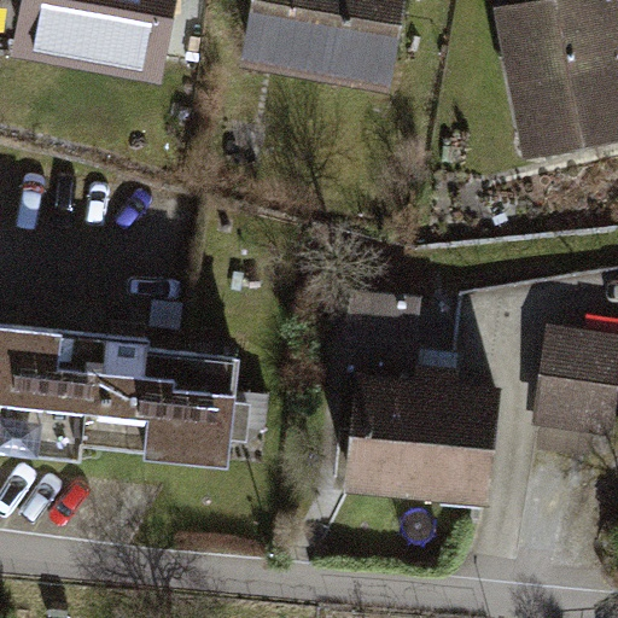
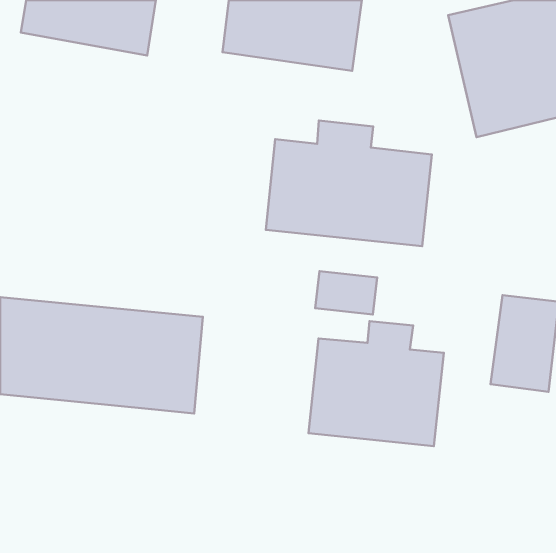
building: none -> [266,120,432,246]

